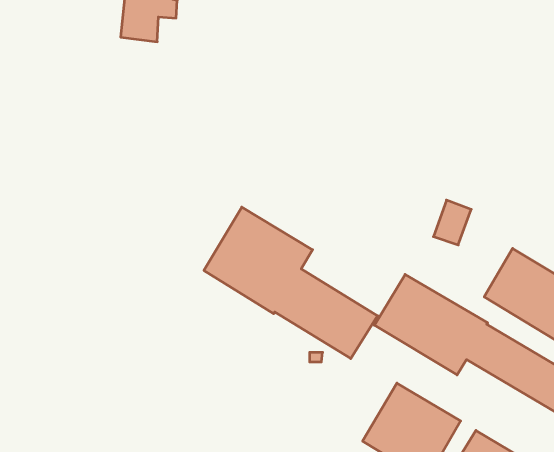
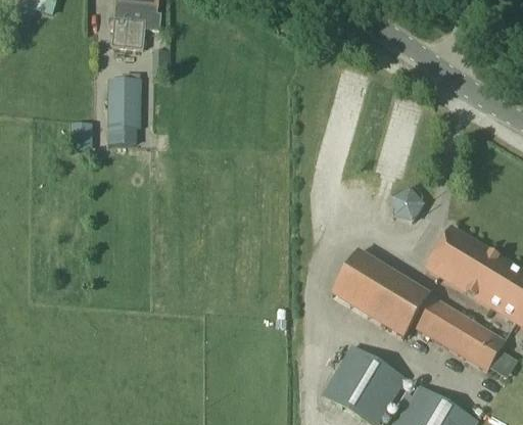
building: none -> [108,77,142,158]
building: [204,207,378,359] -> none

